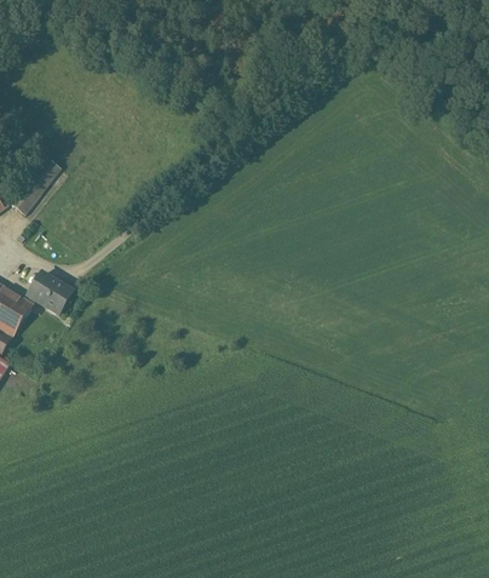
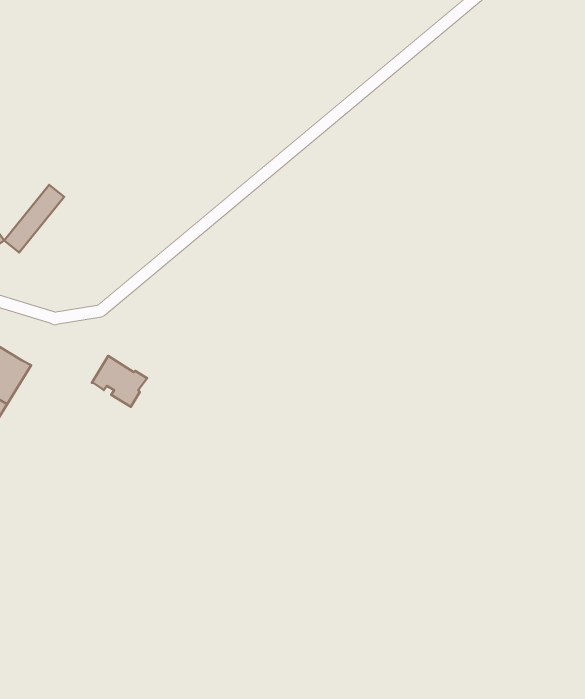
building: [27,274,71,315] -> [92,356,147,407]

